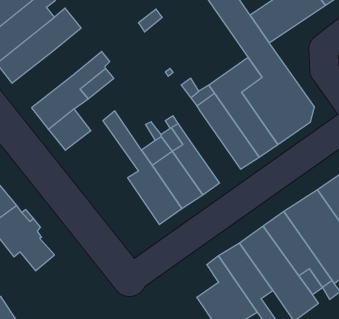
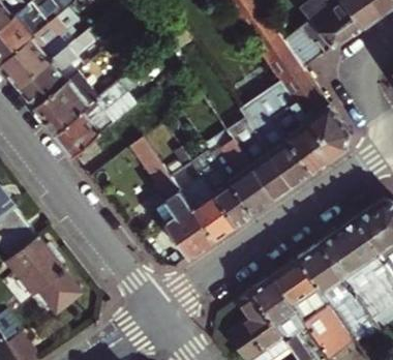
building: none -> [35,76,99,136]
building: none -> [219,139,274,214]

